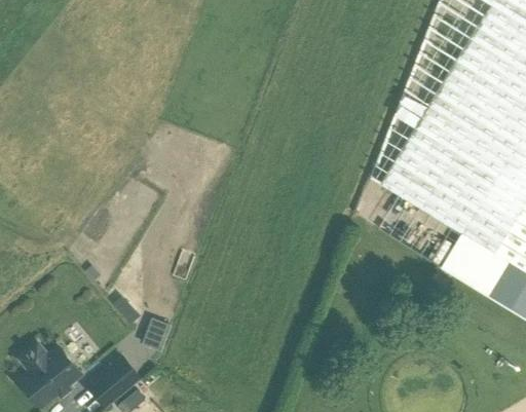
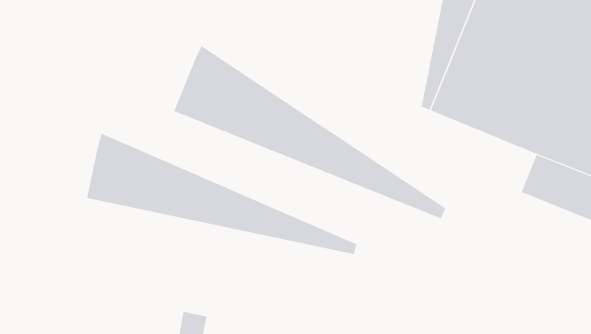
building: none -> [174,45,446,219]
building: none -> [86,133,357,255]

